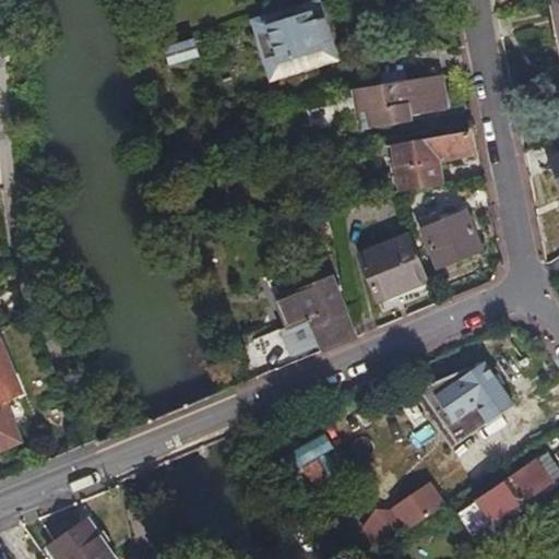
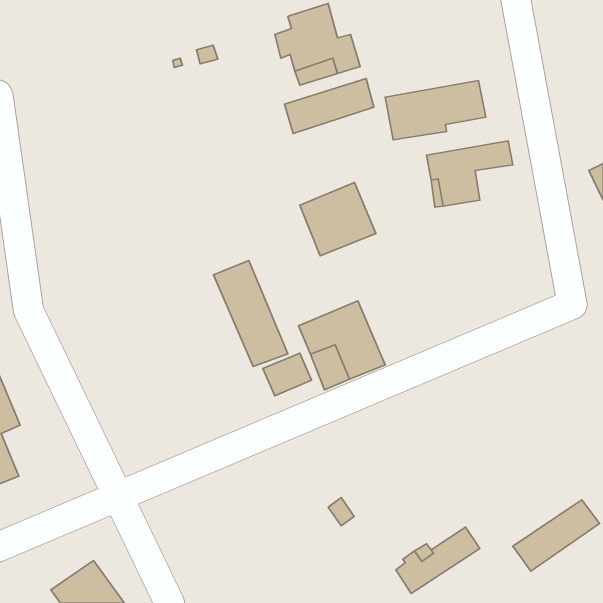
building: none -> [284,79,374,134]
building: [423,211,480,266] -> none
building: [359,233,429,300] -> [300,183,376,256]
building: none -> [213,261,288,367]
building: [423,348,516,437] -> none

